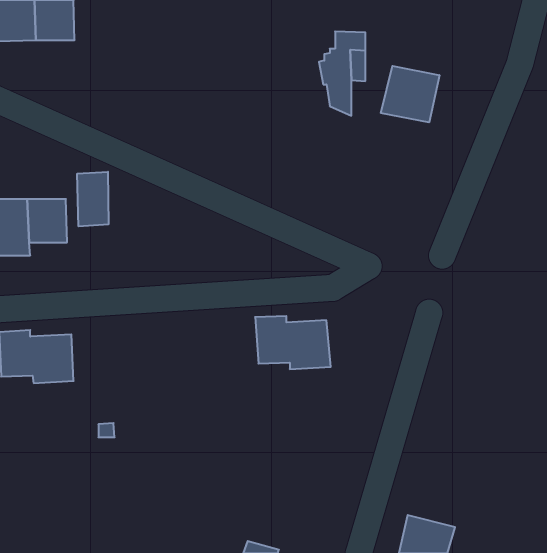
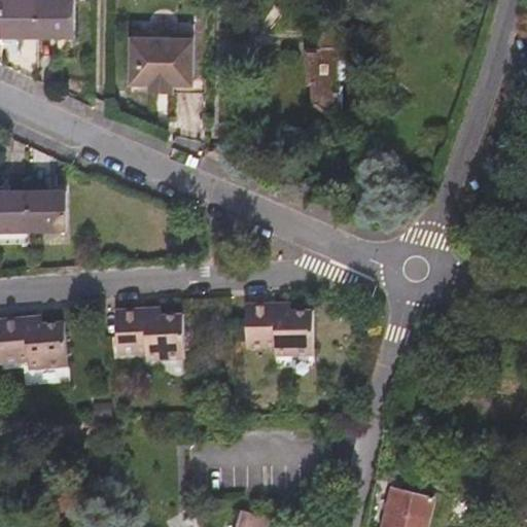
building: none -> [128,30,198,100]
building: [381,66,439,122] -> none
building: [77,172,108,226] -> none
building: none -> [116,306,189,354]

